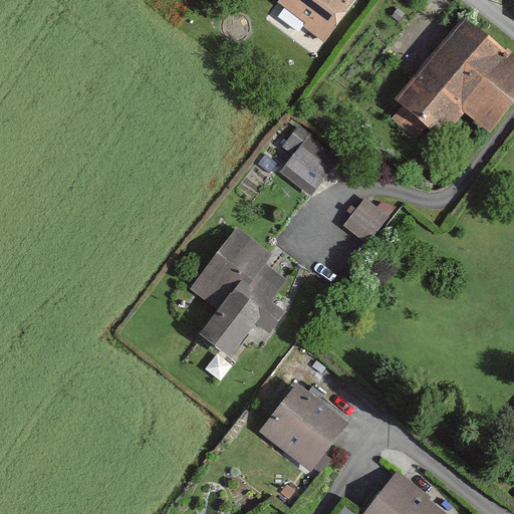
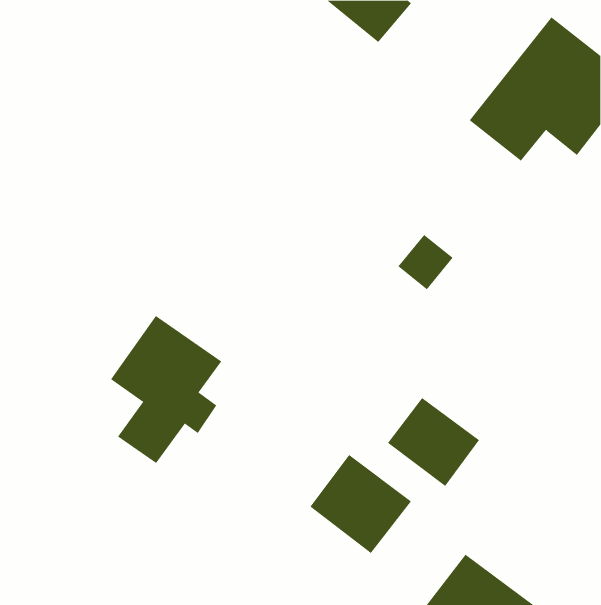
building: [277,128,333,192] -> none
building: [194,231,288,356] -> [110,315,222,464]
building: none -> [387,397,480,487]

